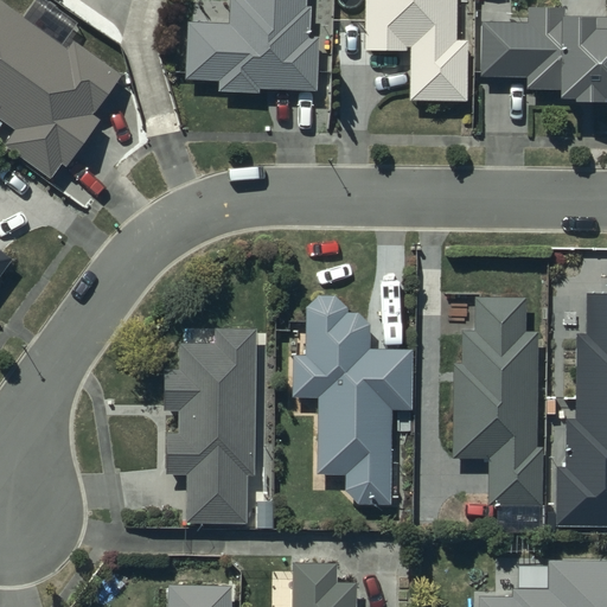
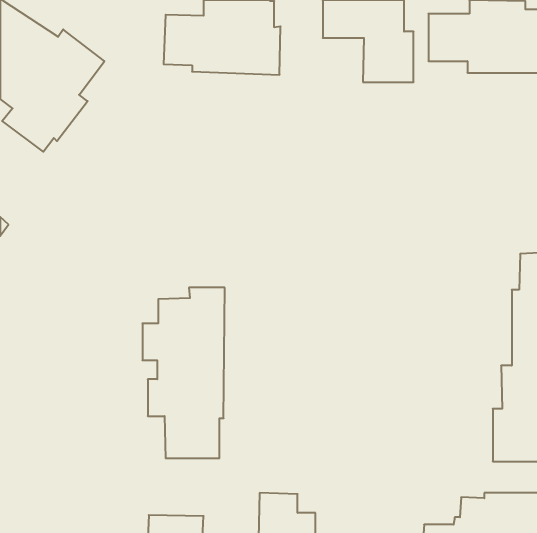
building: [294,296,411,504] -> none
building: [453,298,543,505] -> none

